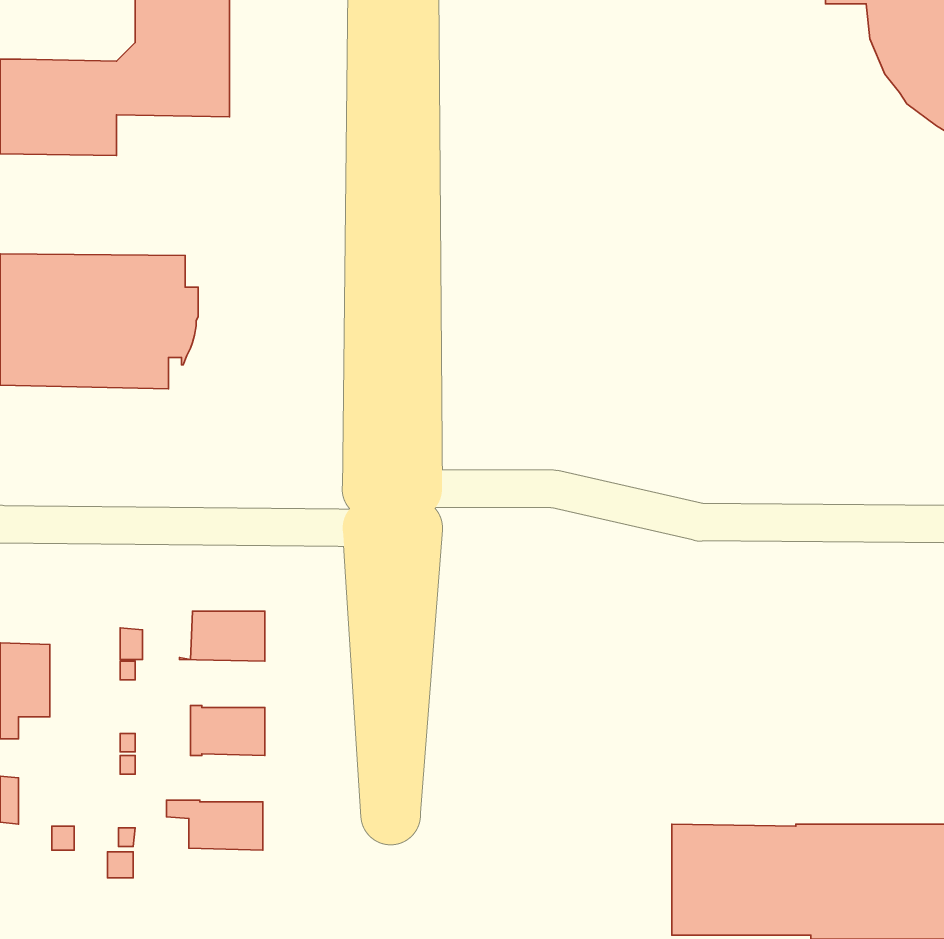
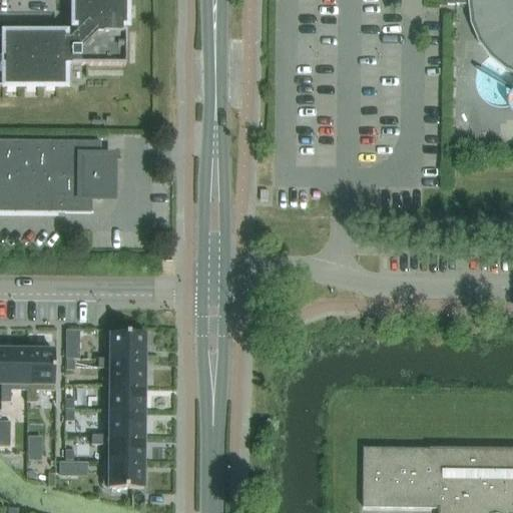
building: none -> [27,349,54,401]
building: none -> [98,357,144,383]
building: none -> [109,408,144,434]
building: none -> [103,459,143,486]

